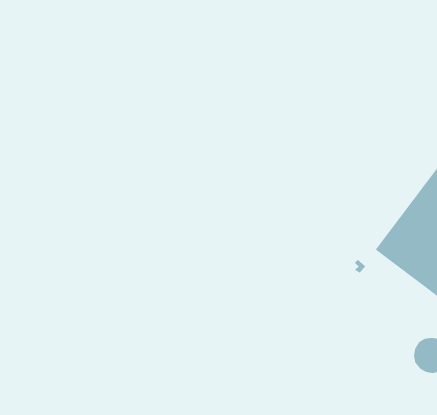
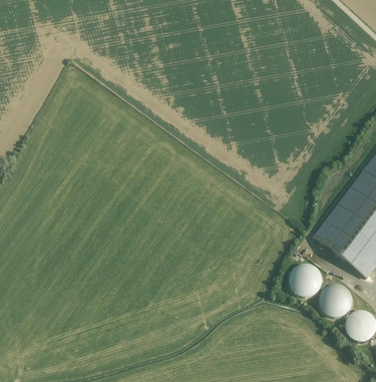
building: none -> [289,264,322,297]
building: none -> [321,286,353,318]

